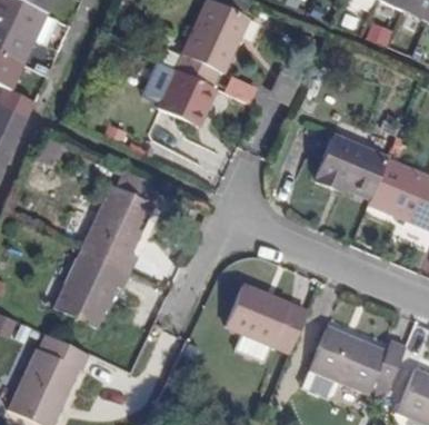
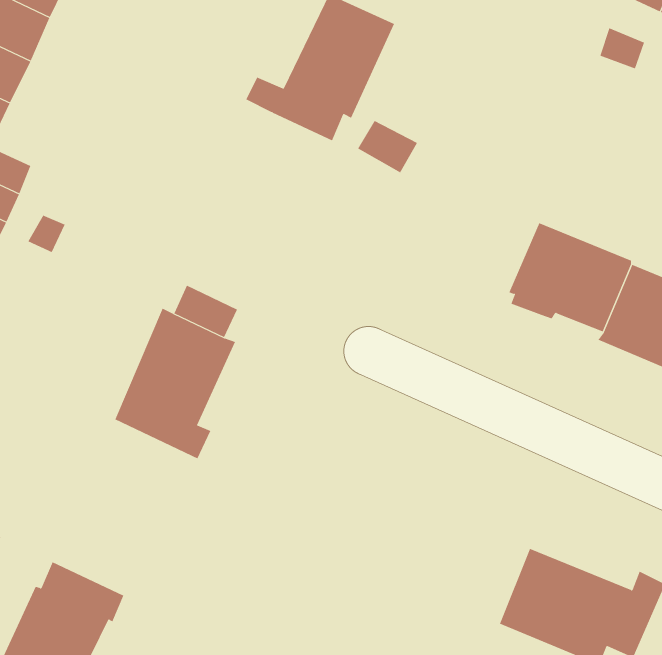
building: [158,69,216,126] -> none
building: [58,249,132,327] -> none
building: [226,284,307,350] -> none

